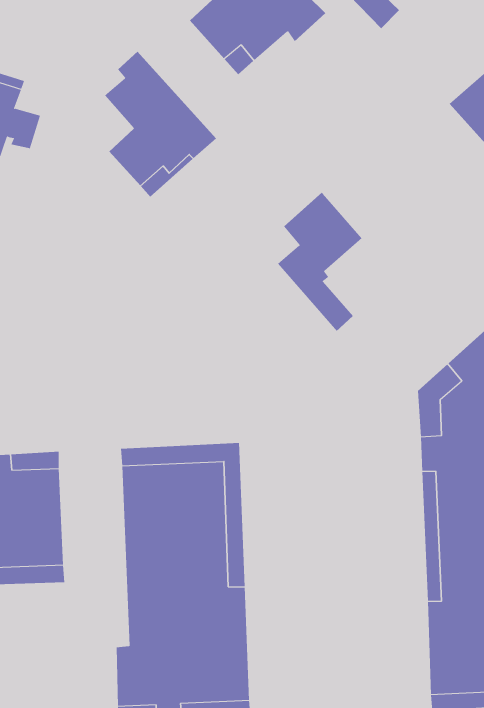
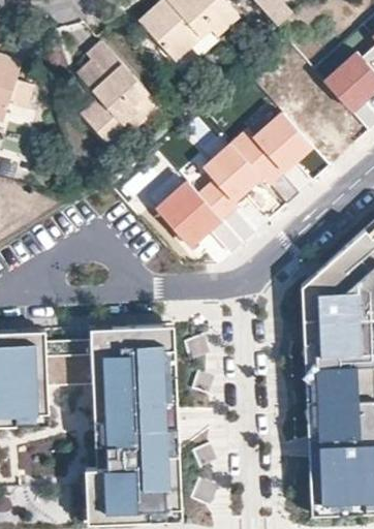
building: none -> [235,112,312,204]
building: none -> [158,181,244,253]

